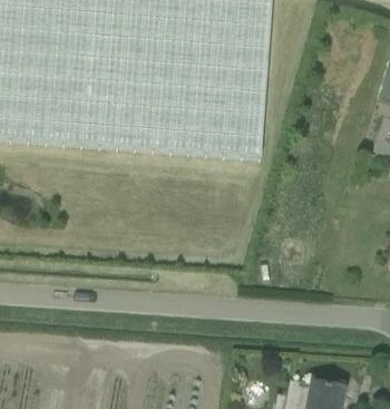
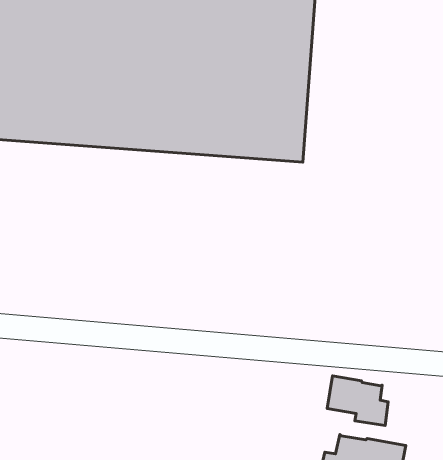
building: none -> [327,376,388,425]

